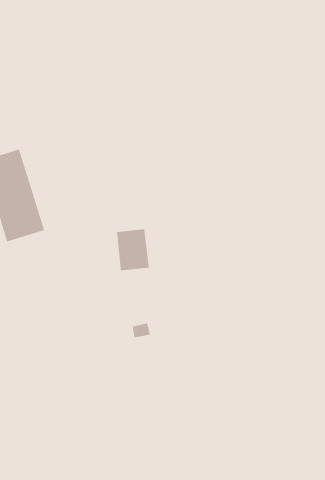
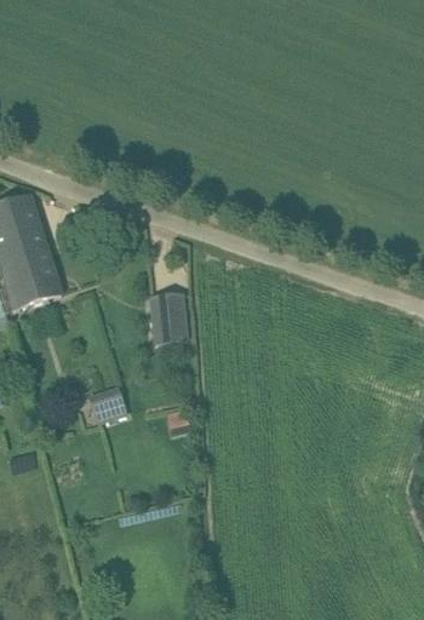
building: none -> [88,388,127,423]

